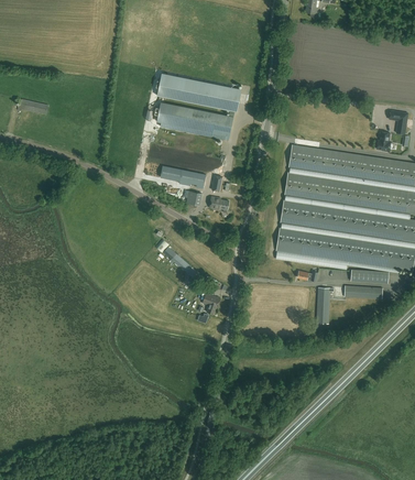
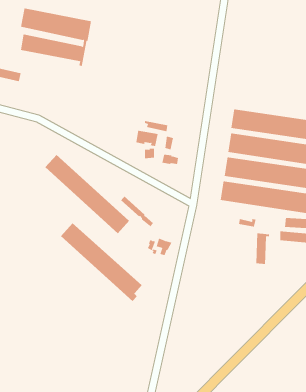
building: [156,73,239,140] -> [20,8,92,66]
building: none -> [45,154,130,234]
building: none -> [60,223,142,302]

